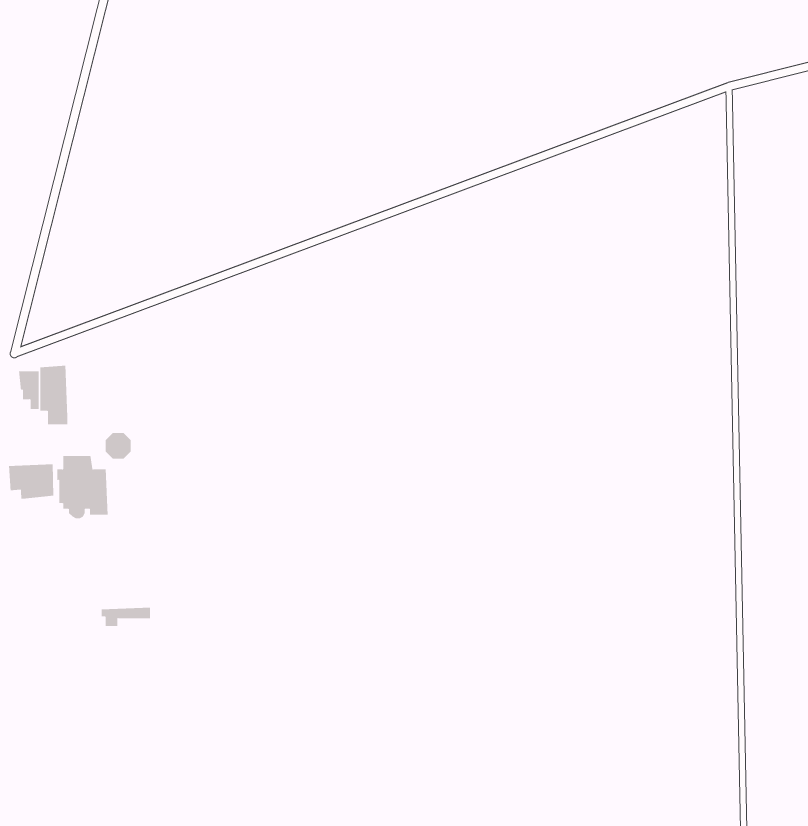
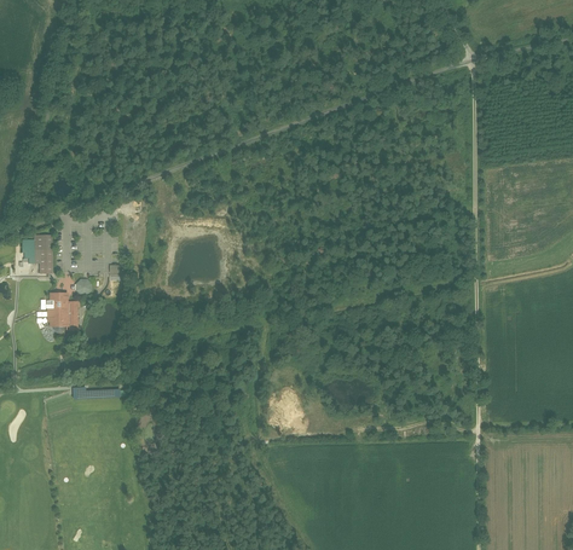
building: [9,463,54,500] -> none

